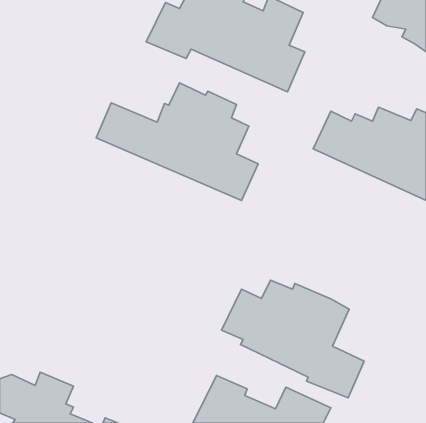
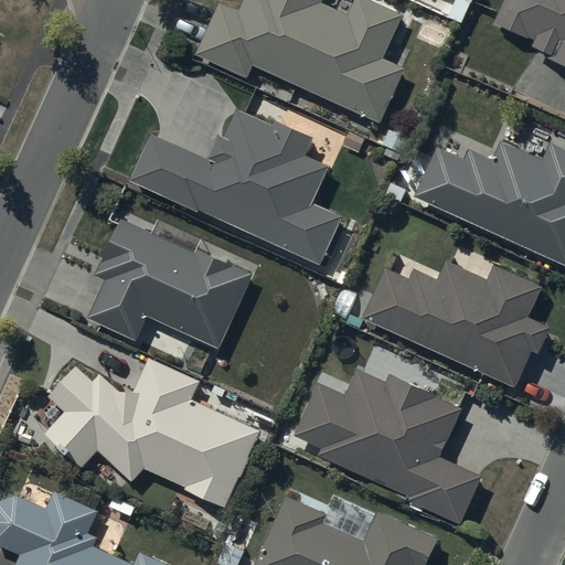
building: none -> [87,217,253,348]
building: none -> [360,263,550,388]
building: none -> [45,356,260,508]

